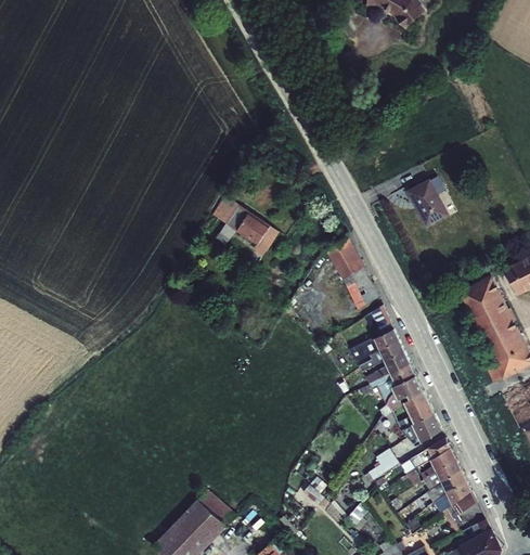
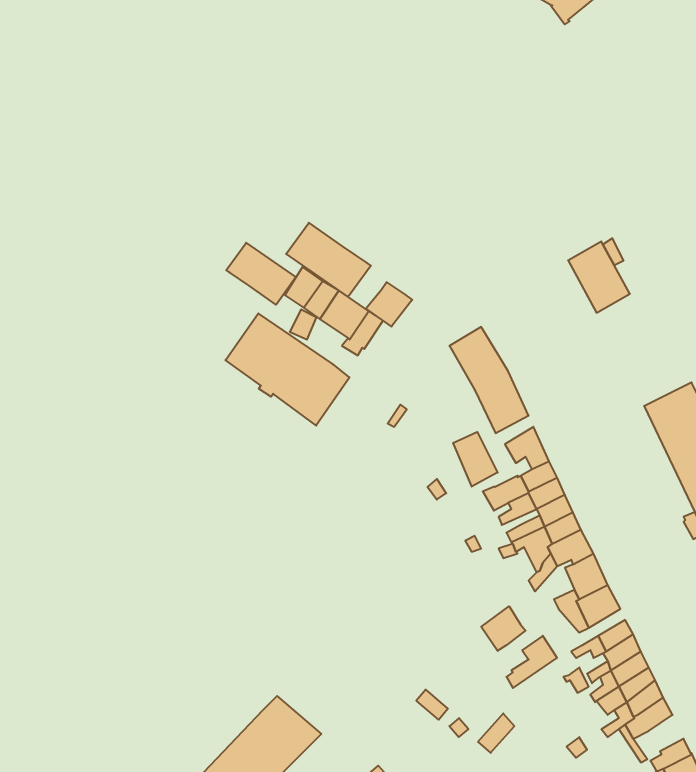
building: none -> [286,223,371,297]
building: none -> [226,243,296,305]
building: none -> [366,282,412,327]
building: none -> [225,313,349,426]
building: none -> [453,432,498,487]
building: none -> [481,606,526,651]

